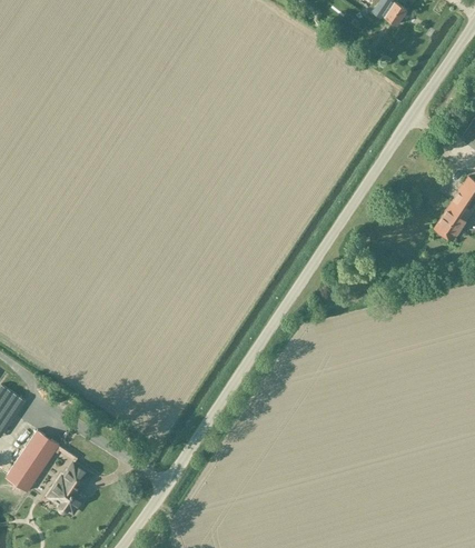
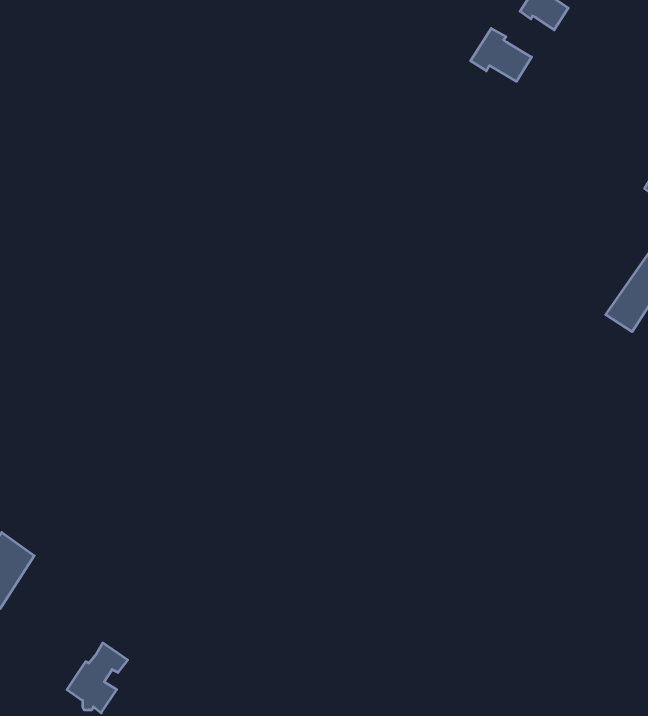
building: none -> [471,28,532,81]
building: [7,430,60,491] -> none

